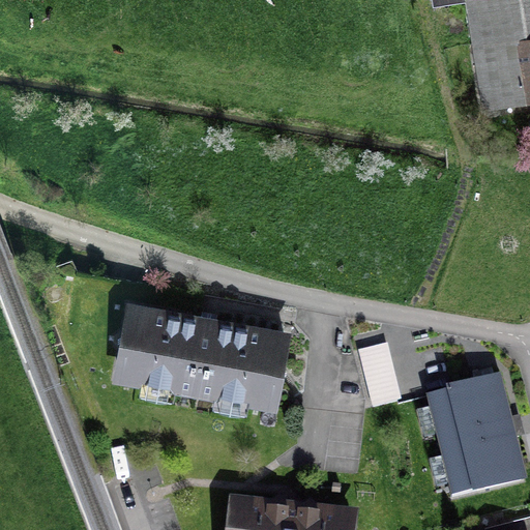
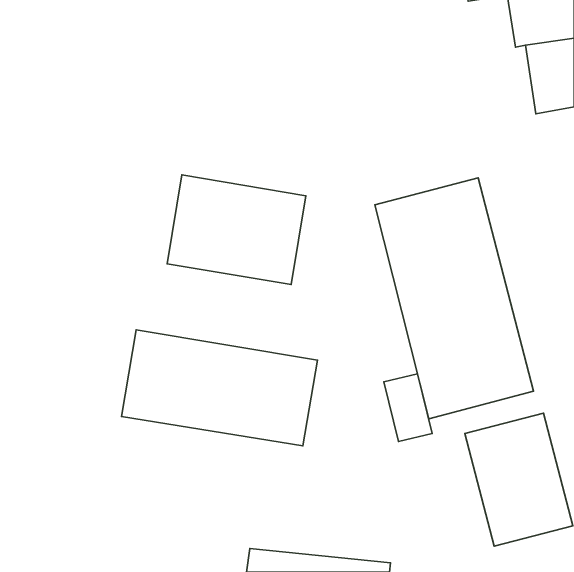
building: none -> [167,175,306,285]
building: none -> [375,178,534,419]

